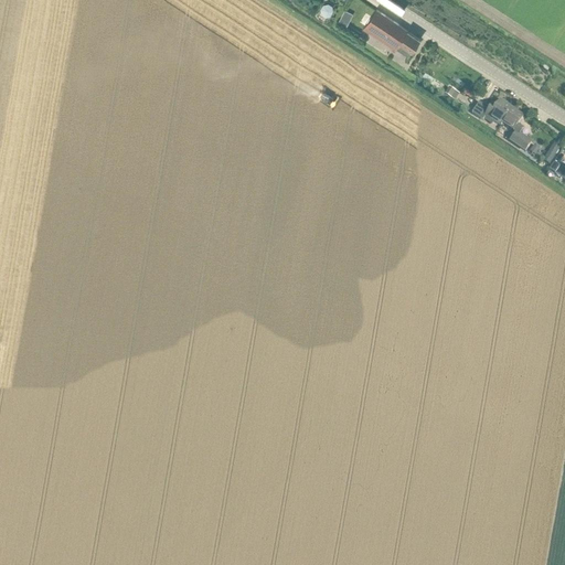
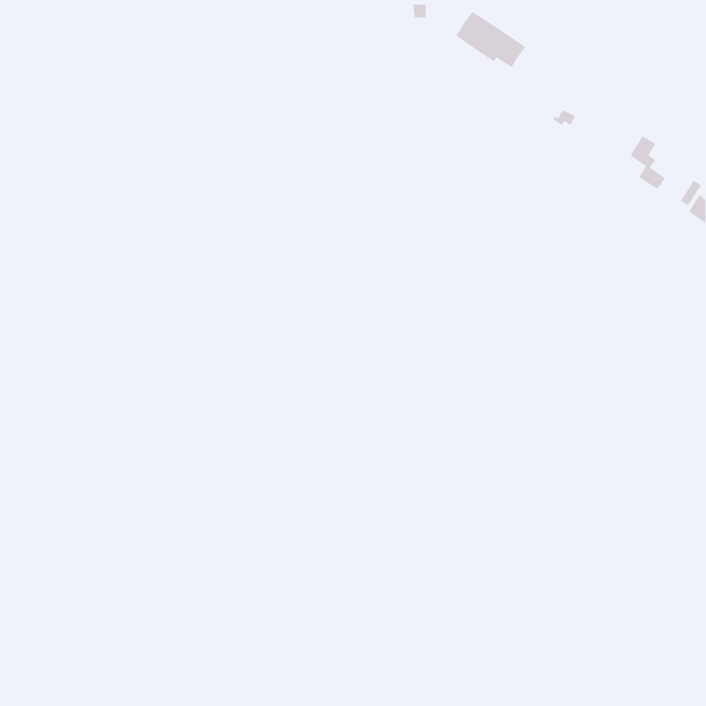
building: [471,99,512,126] -> none

